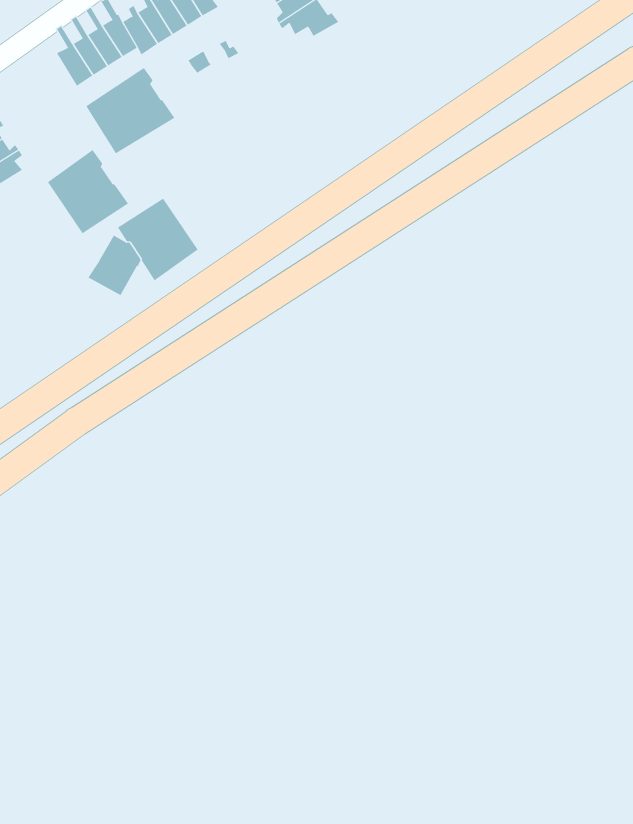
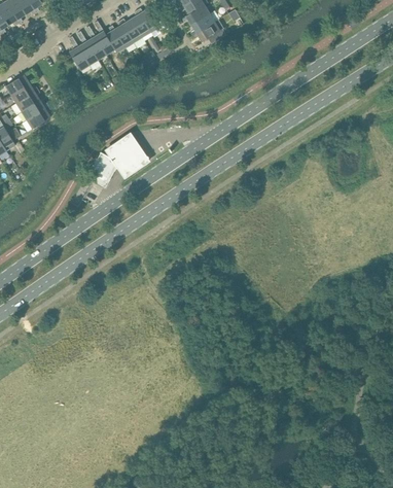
building: [85,67,175,154] -> none
building: [47,149,129,234] -> none

